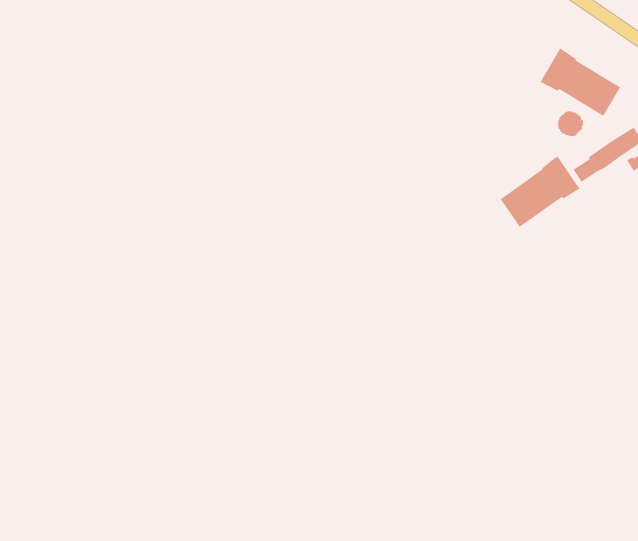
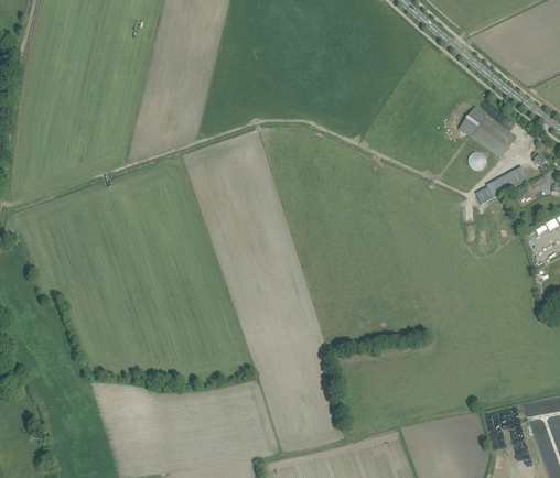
building: [500,155,580,228] -> none

